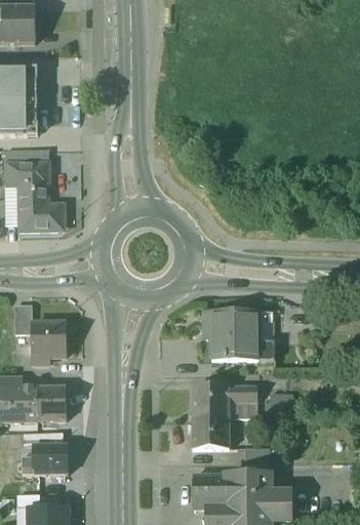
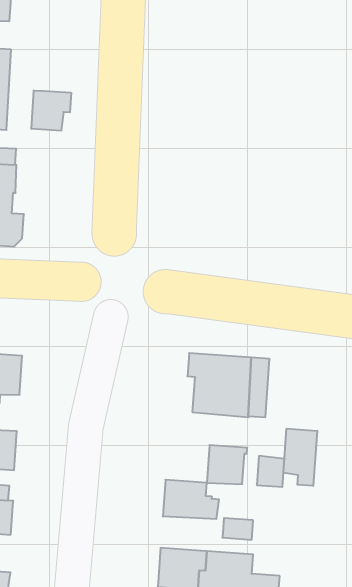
building: none -> [31,90,71,131]
building: none -> [283,429,317,486]
building: [193,386,228,417] -> none

